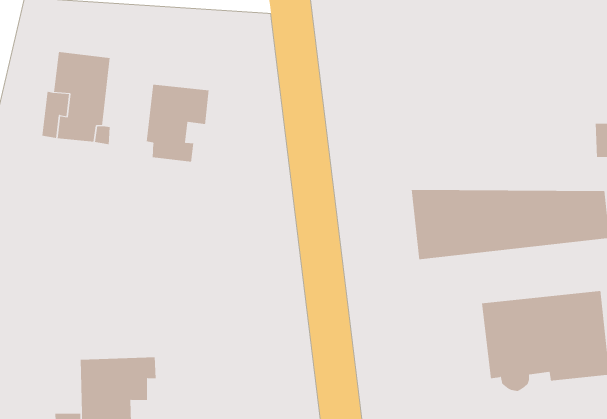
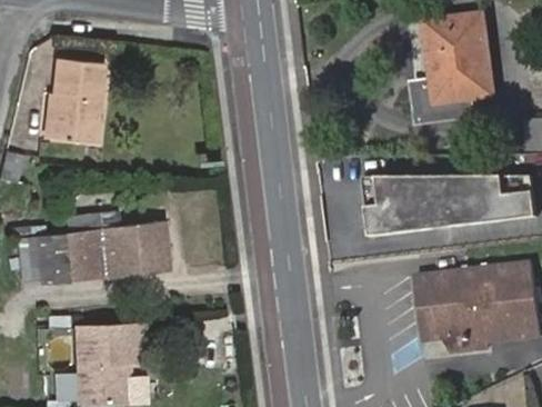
building: none -> [411,18,490,122]
building: [146,84,209,162] -> none
building: none -> [21,212,170,284]

